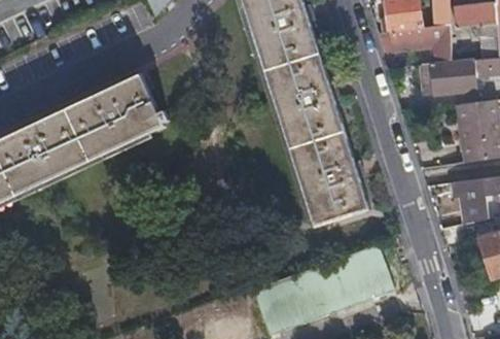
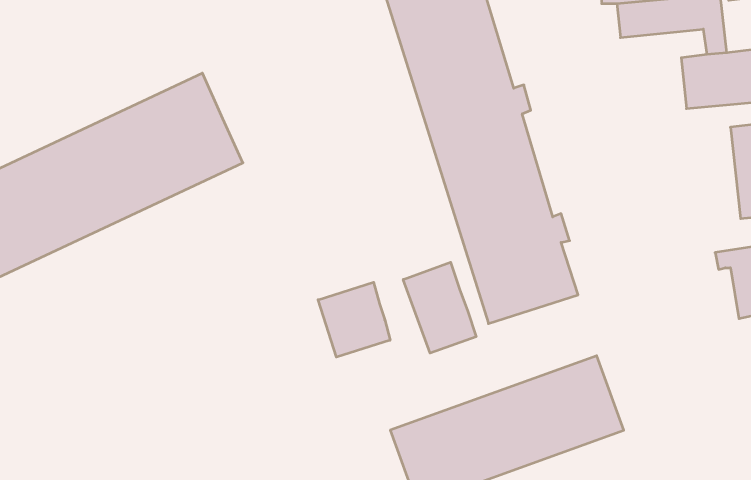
building: none -> [403,262,476,353]
building: none -> [318,282,390,357]

